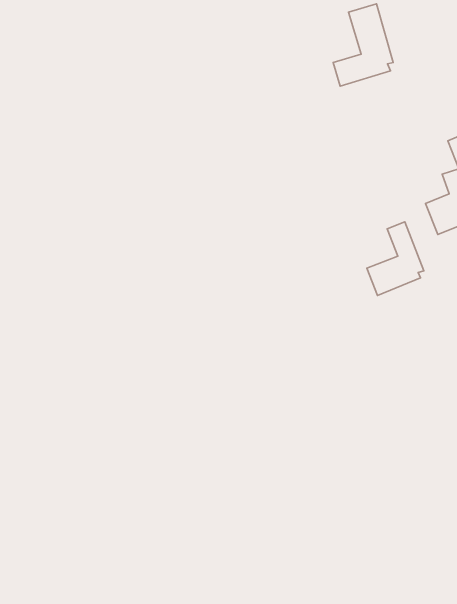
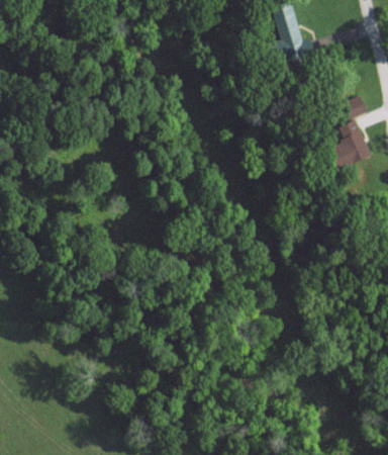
building: [367,222,424,295] -> none

